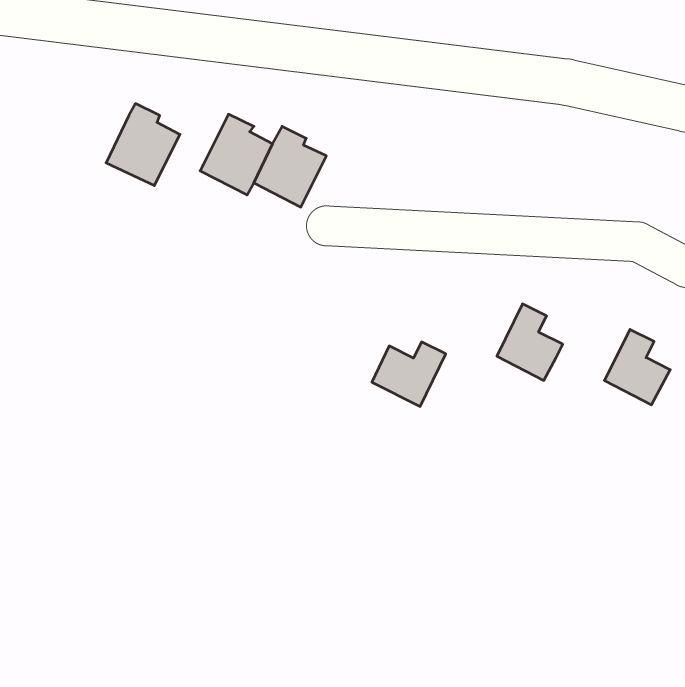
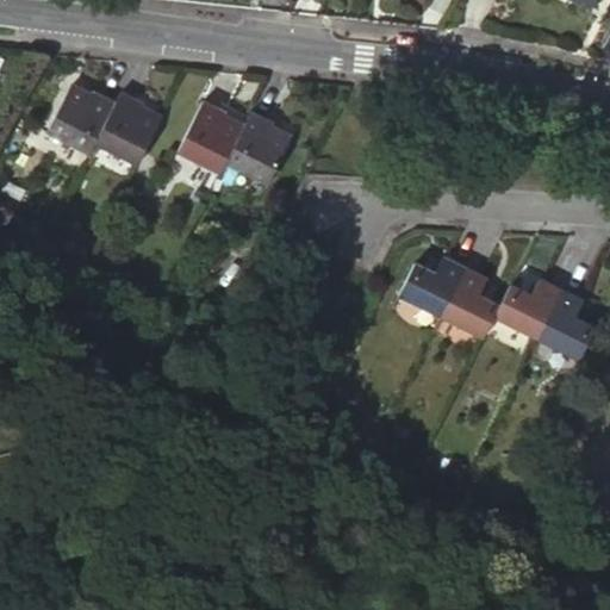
building: none -> [48,87,116,155]
building: none -> [494,280,560,337]
building: [372,342,446,406] -> [399,259,465,316]

